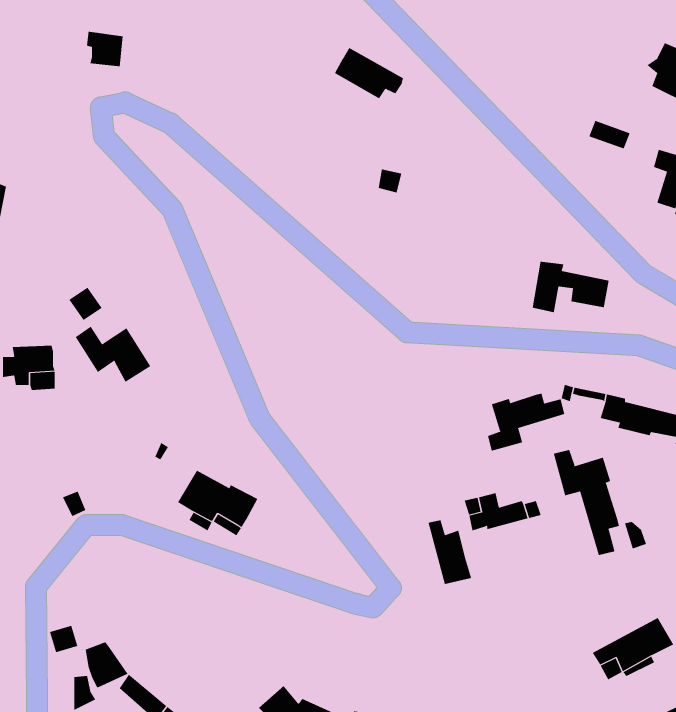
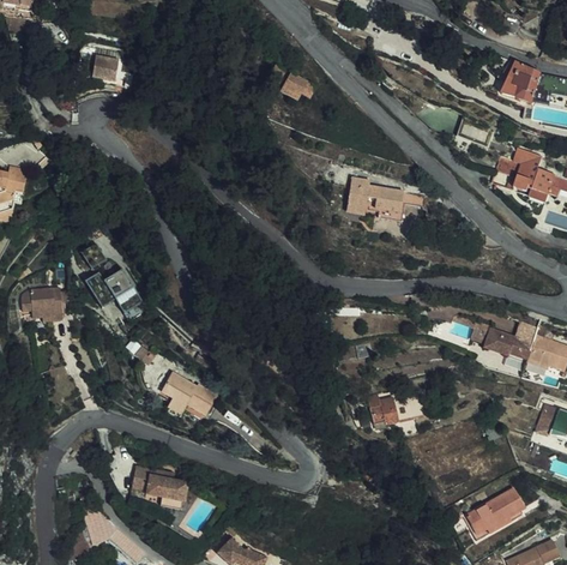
building: [532,261,610,313] -> [344,179,402,217]
building: [488,393,565,451] -> none
building: [553,449,620,556] -> none
building: [428,519,472,585] -> none
building: none -> [137,465,192,501]

